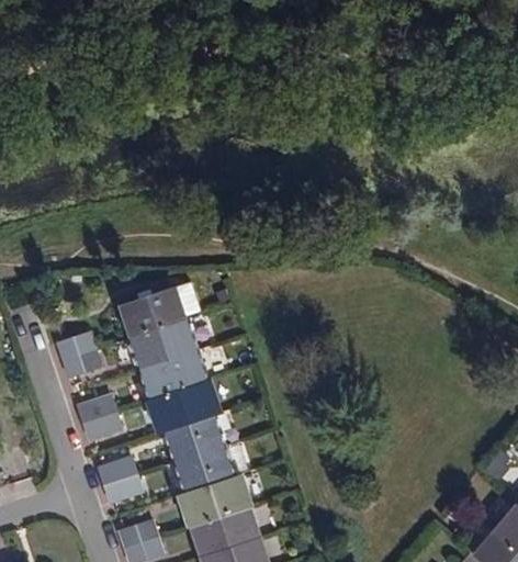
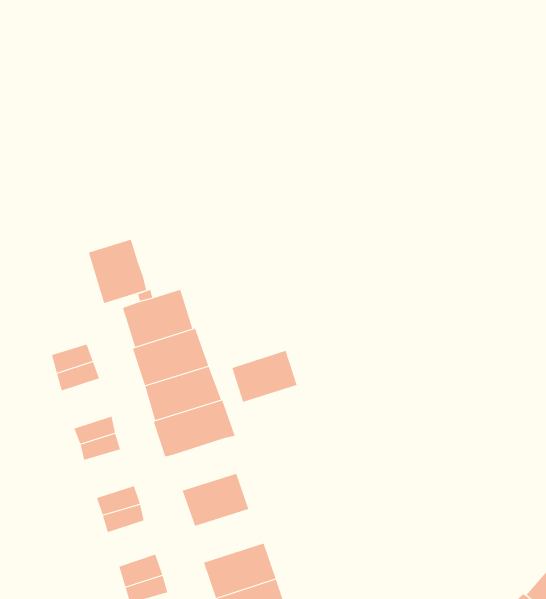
building: none -> [88,239,147,304]
building: [165,417,223,463] -> [231,350,297,403]
building: [180,477,250,528] -> none

